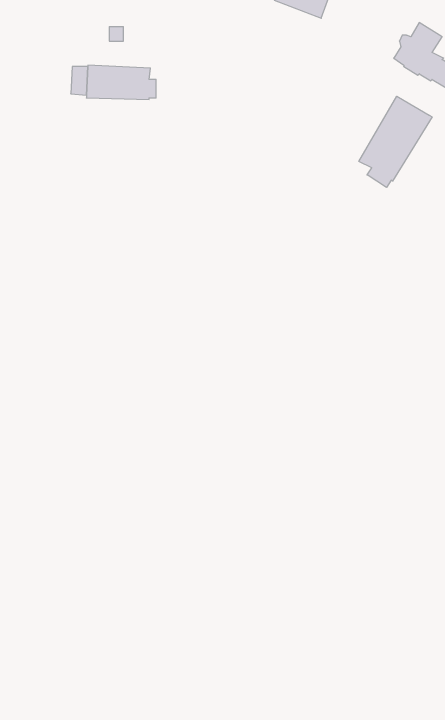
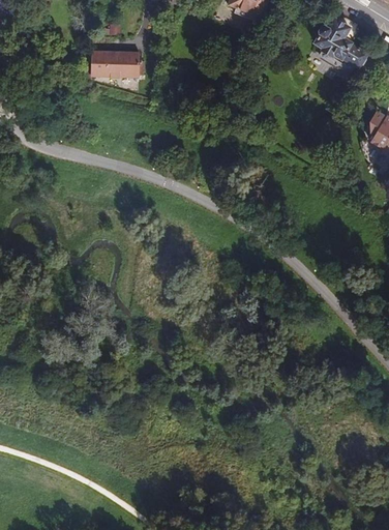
building: [359,96,432,187] -> none

